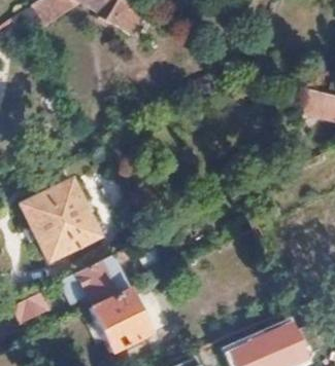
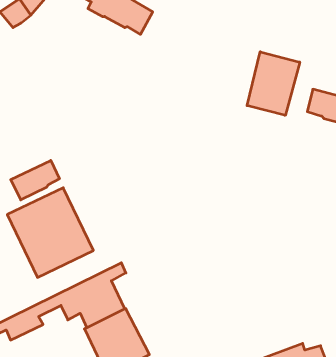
building: none -> [247,52,300,115]
building: none -> [11,160,59,200]

